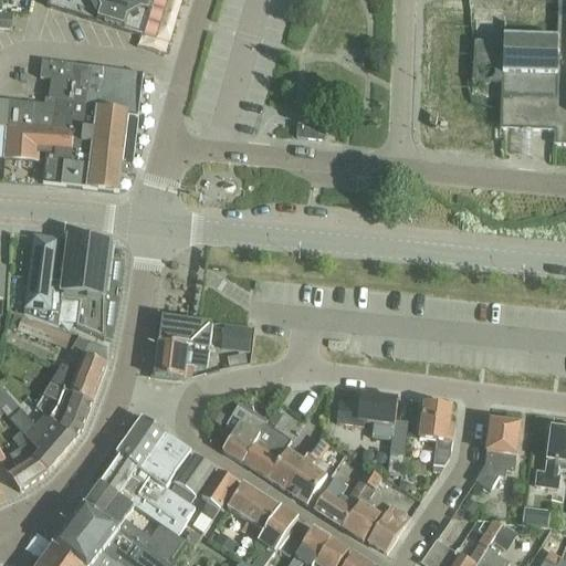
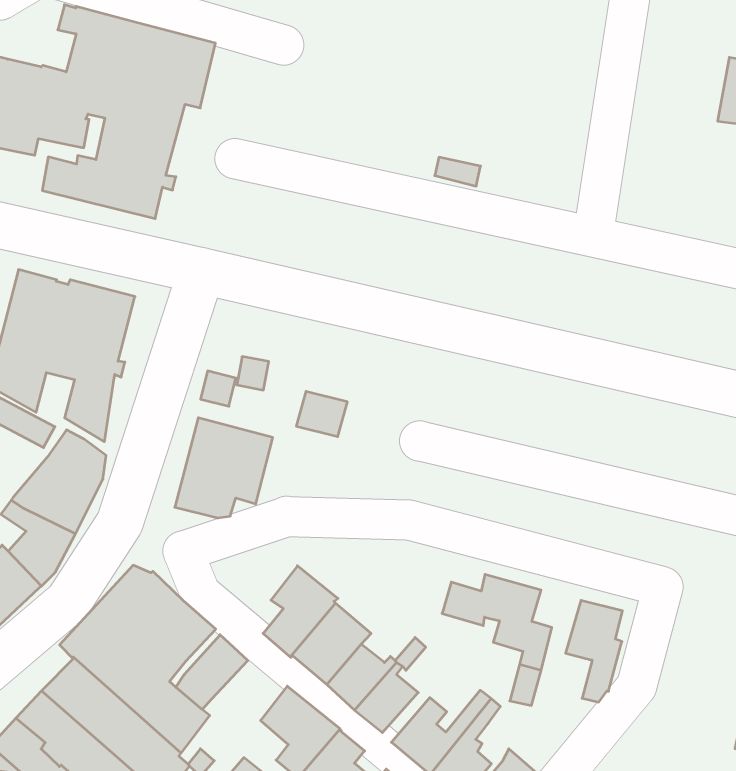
building: [222,323,253,349] -> [296,391,347,437]
building: [474,418,521,489] -> none
building: [200,469,237,517] -> none

